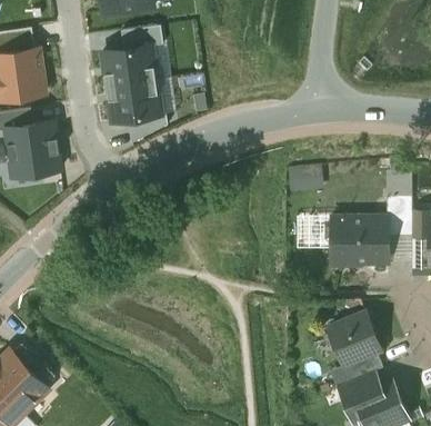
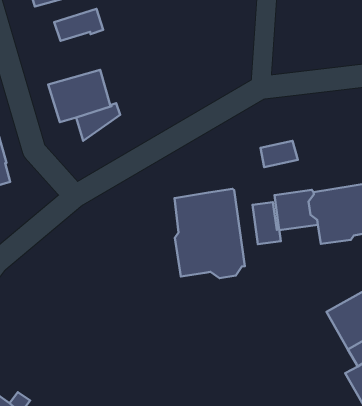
building: [102,43,156,86] -> none
building: none -> [174,189,245,278]
building: none -> [252,202,281,244]

